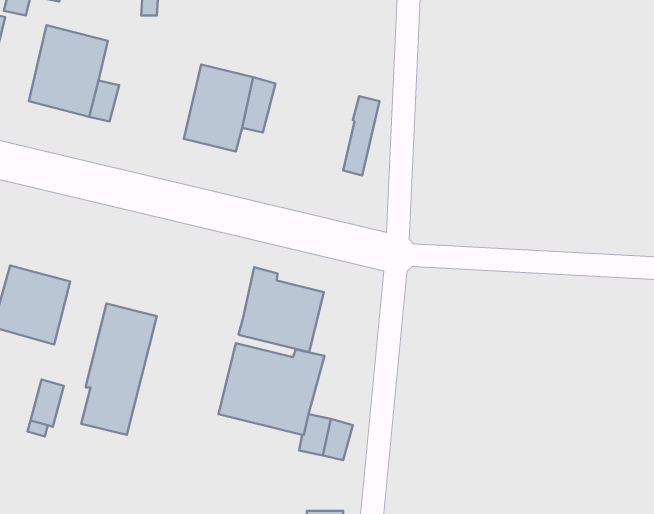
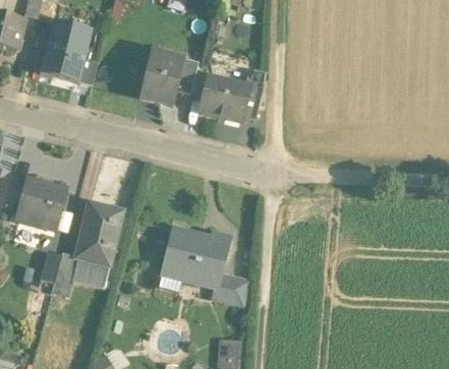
building: none -> [199,75,248,121]
building: [239,267,324,352] -> none
building: none -> [51,252,78,296]

